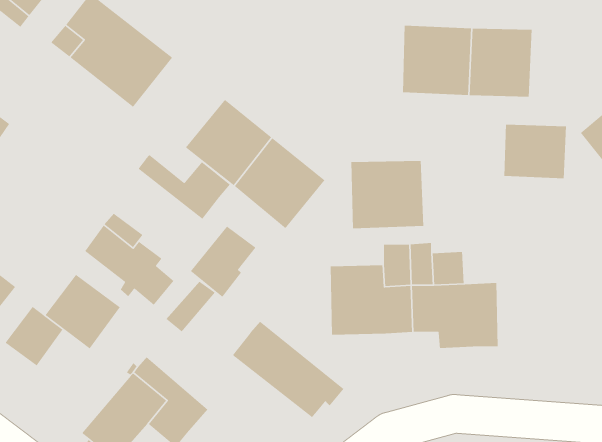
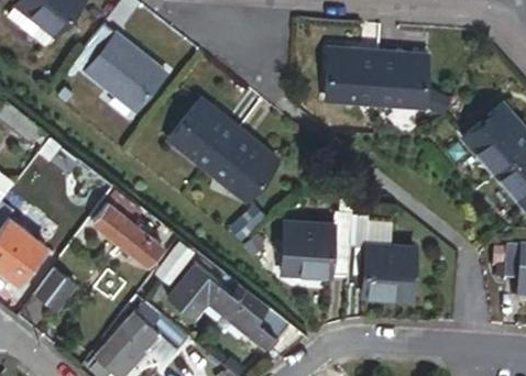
building: [504,124,567,179] -> none
building: [137,154,231,220] -> none
building: [350,160,424,229] -> none
building: [190,225,256,298] -> [169,264,219,318]
building: [44,274,121,350] -> none

